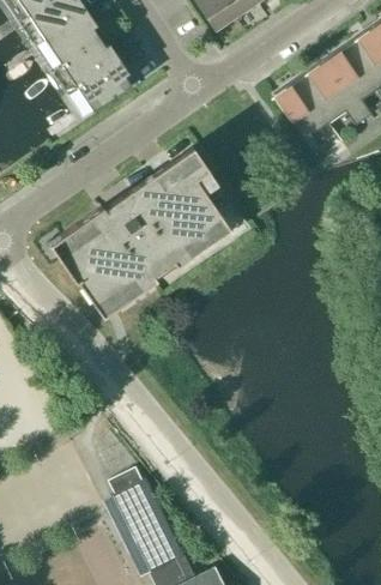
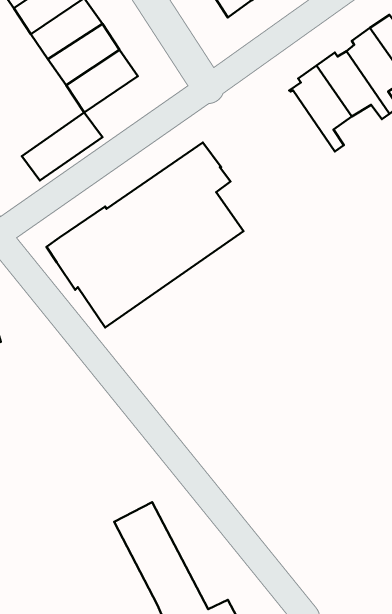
building: none -> [22,113,102,181]

